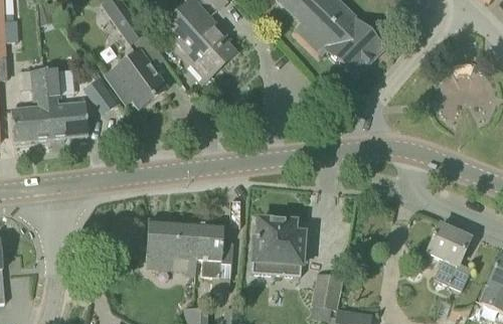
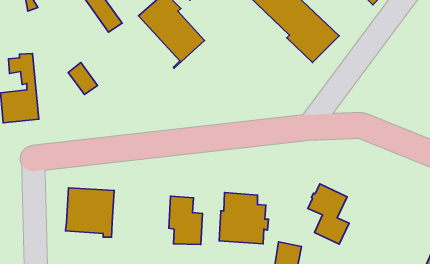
building: [106,51,167,109] -> none
building: [46,65,88,139] -> none
building: [145,220,198,275] -> [66,188,114,237]
building: [427,224,472,291] -> [308,184,349,244]

